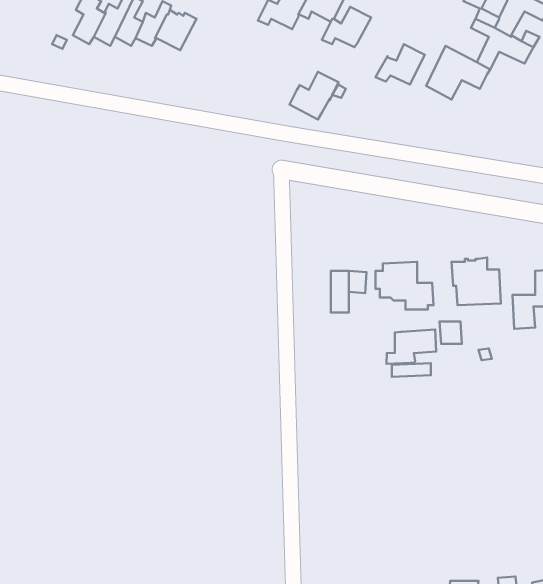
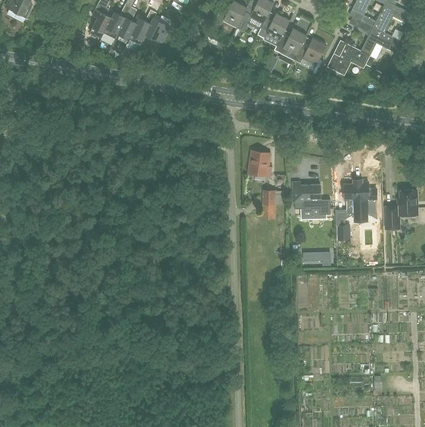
building: [289,72,339,120] -> [274,28,307,60]
building: none -> [248,150,271,176]
building: [387,330,436,364] -> none

